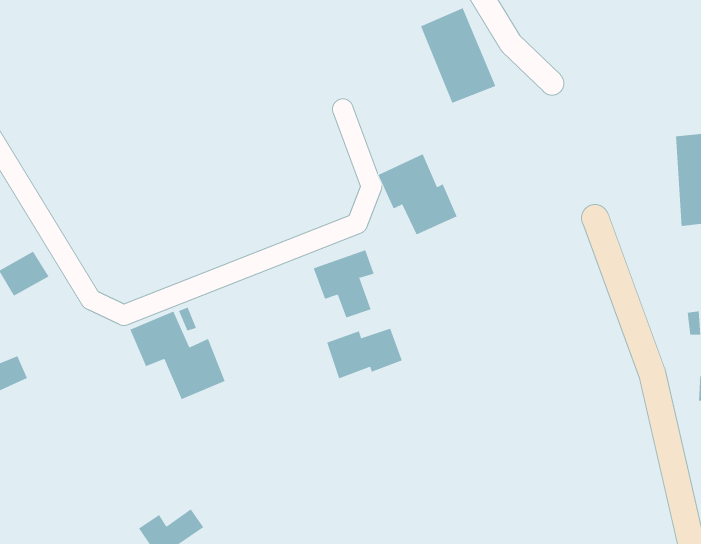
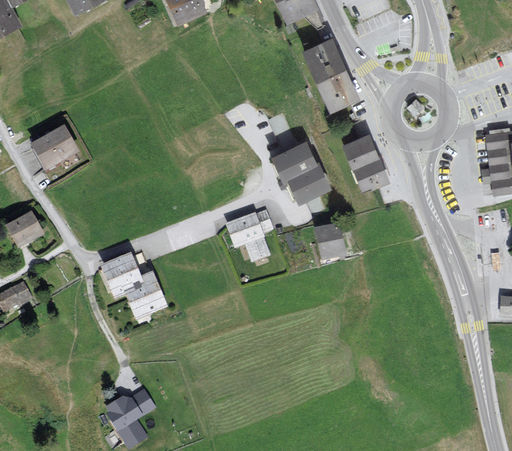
building: none -> [32,127,77,167]
building: none -> [345,137,389,190]
building: none -> [315,224,345,258]
building: [326,328,402,379] -> none

